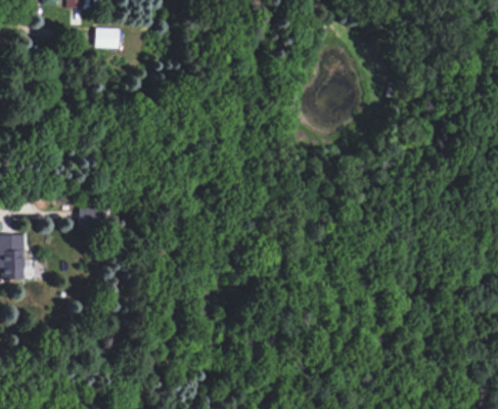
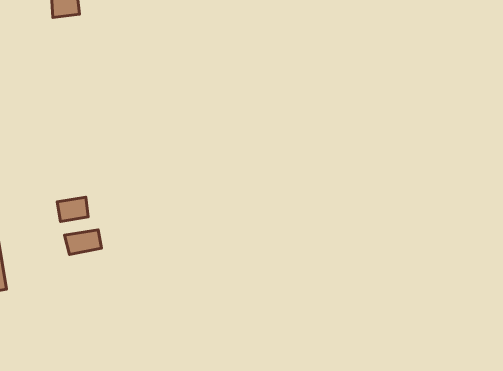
building: none -> [65,230,101,255]

